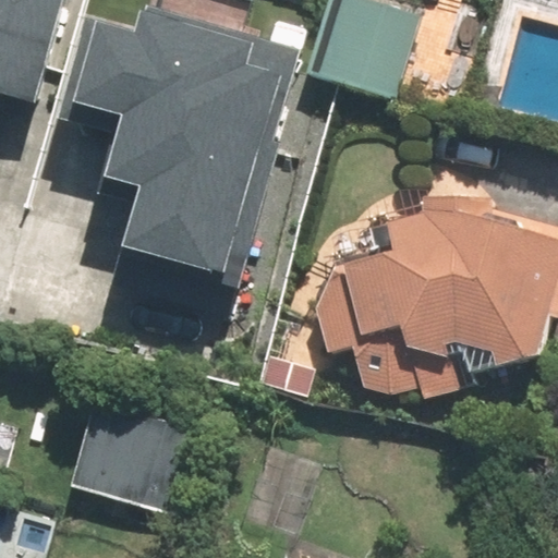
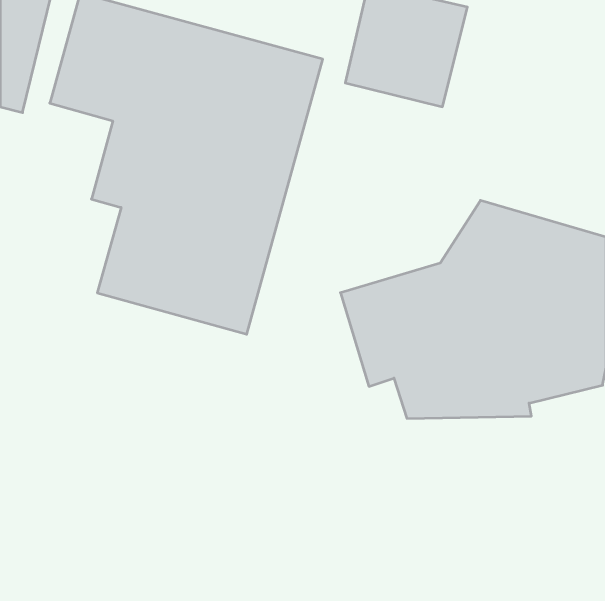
building: [84,395,209,509] -> none

